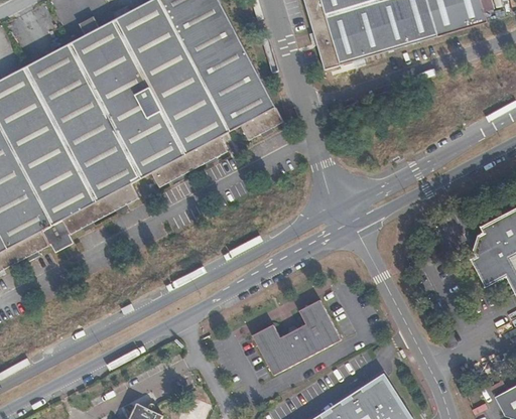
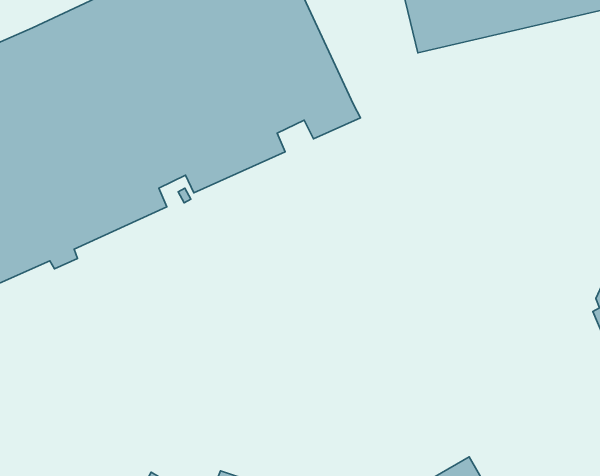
building: [251,296,340,374] -> none

